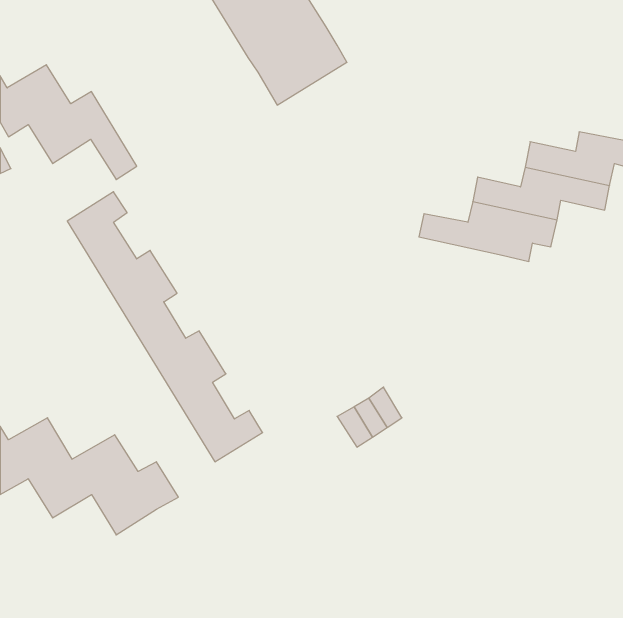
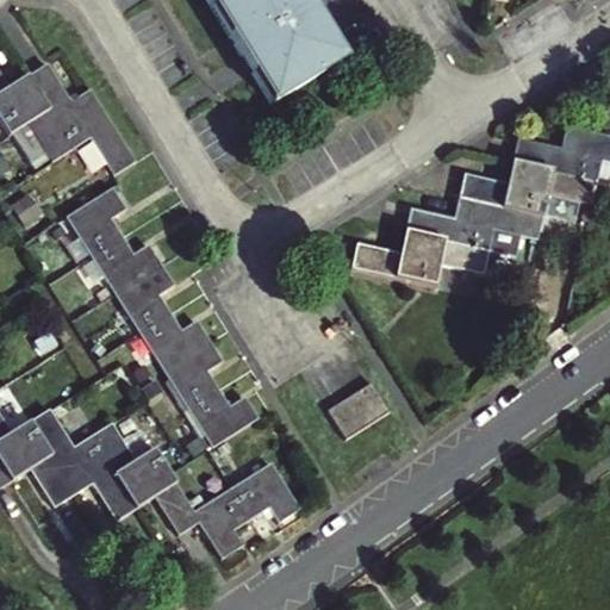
building: none -> [356,231,491,282]
building: none -> [154,466,299,561]

